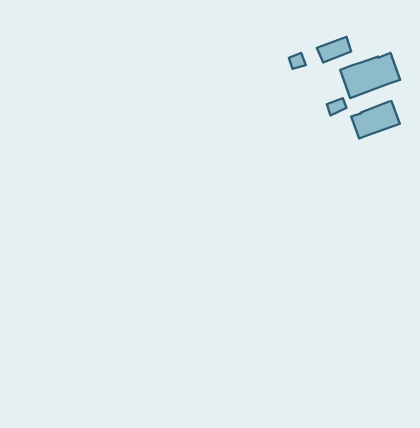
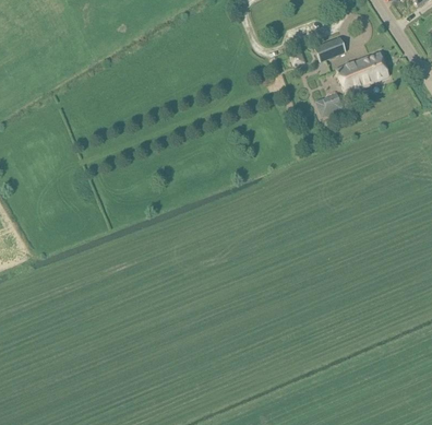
building: [351,101,400,138] -> none

